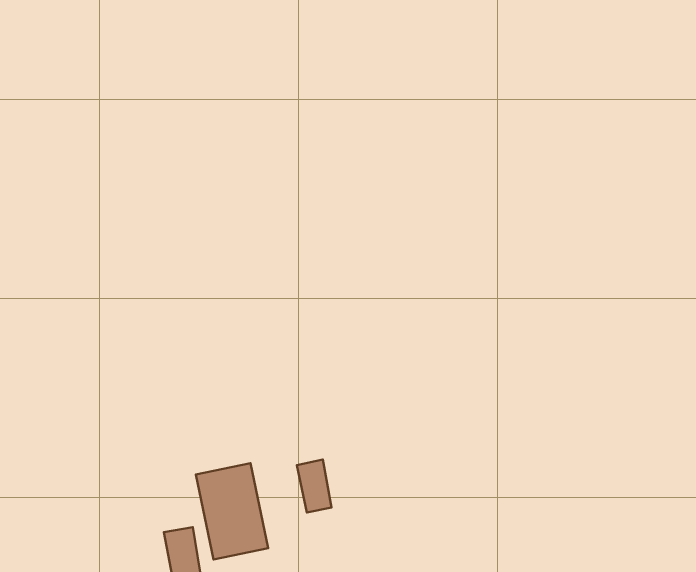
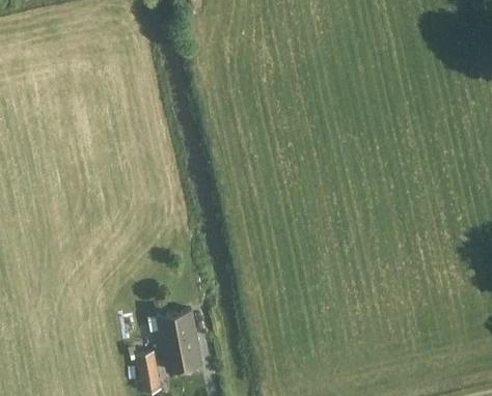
building: [297,460,331,512] -> none

